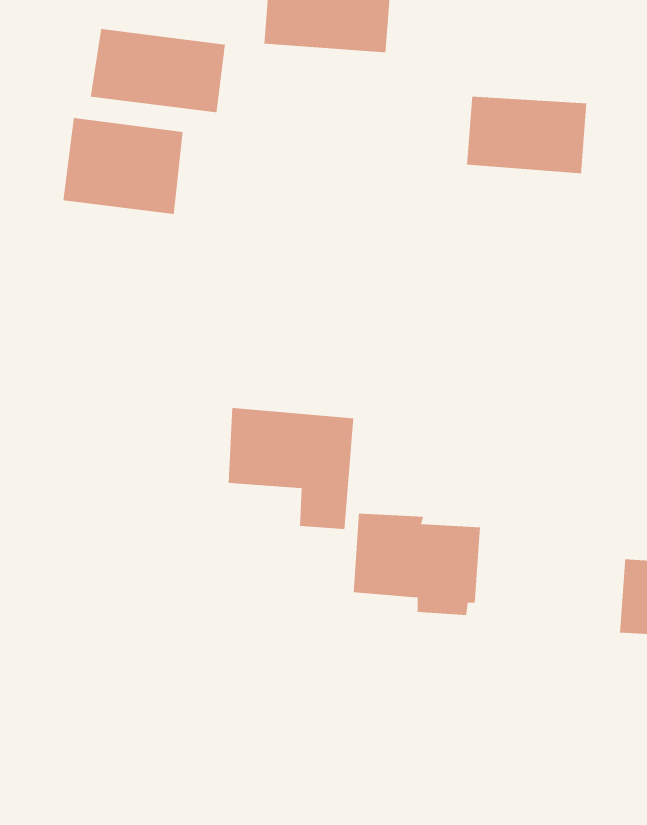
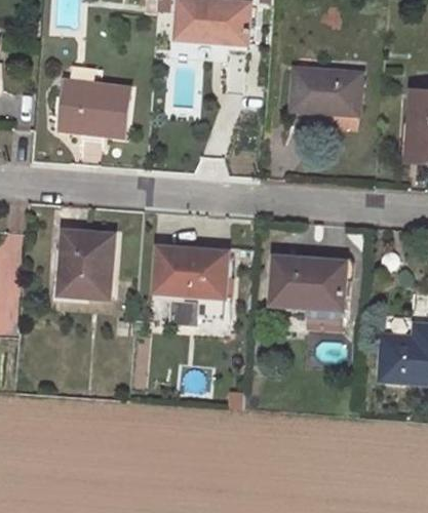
building: [90,28,226,113] -> none
building: none -> [60,231,113,297]
building: [353,513,481,616] -> [272,256,346,316]

